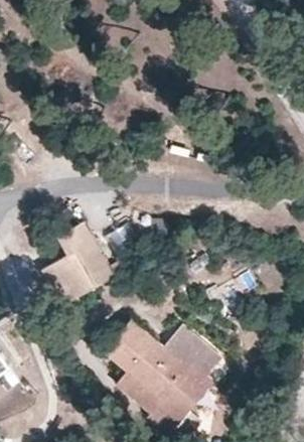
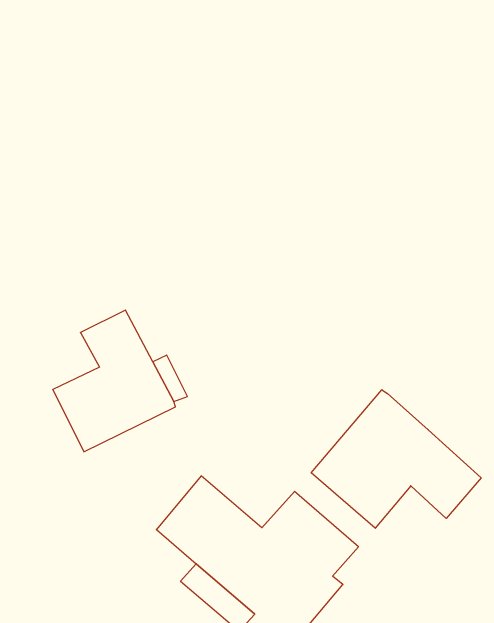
building: none -> [311,390,481,528]

